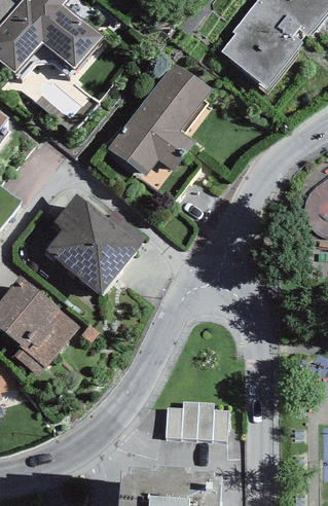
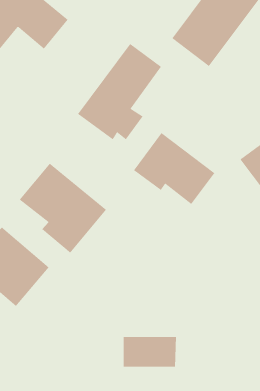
building: none -> [133,132,215,205]

